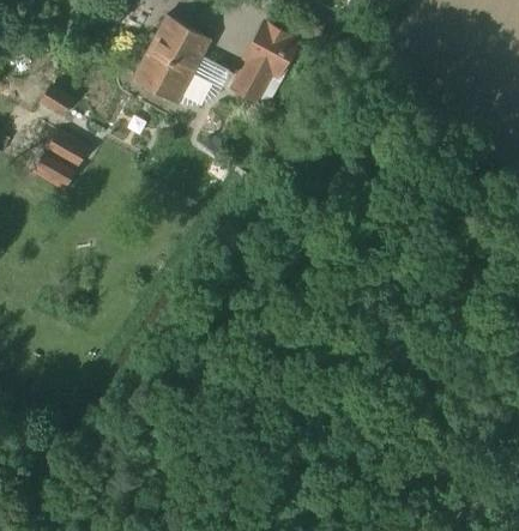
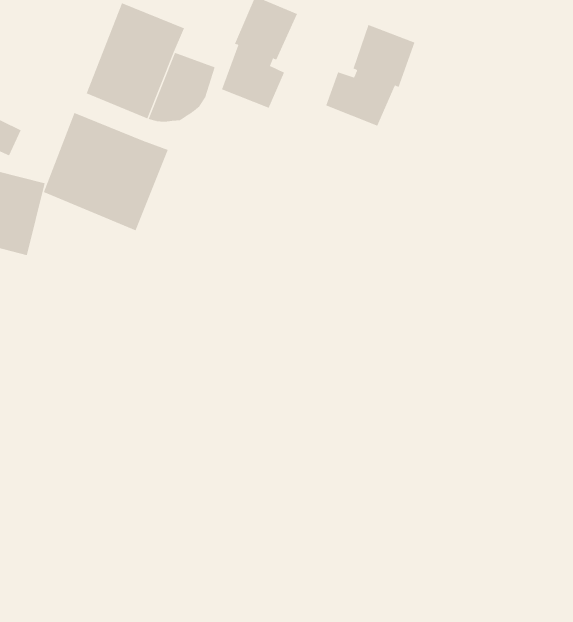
building: none -> [326,24,415,126]
building: none -> [43,112,169,231]

